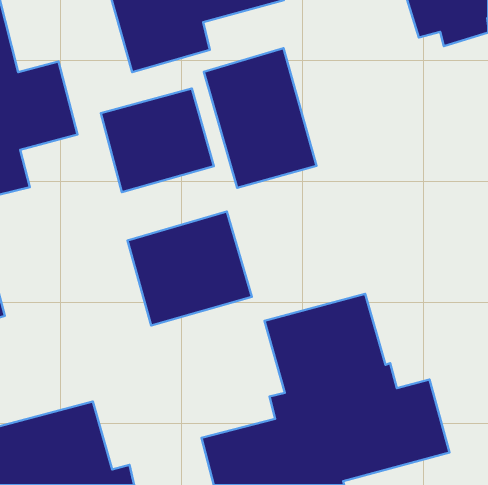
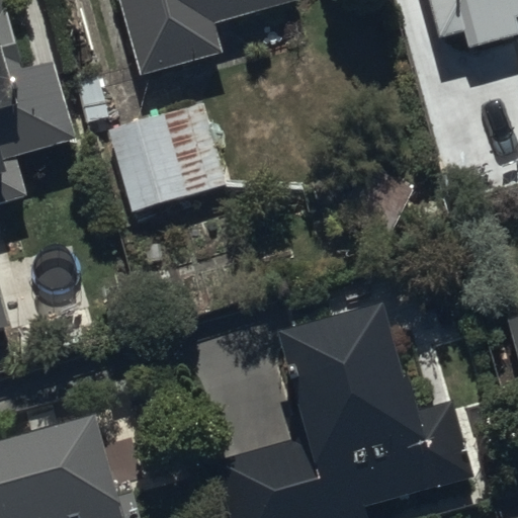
building: [204,48,316,188] -> none
building: [127,212,252,325] -> none

